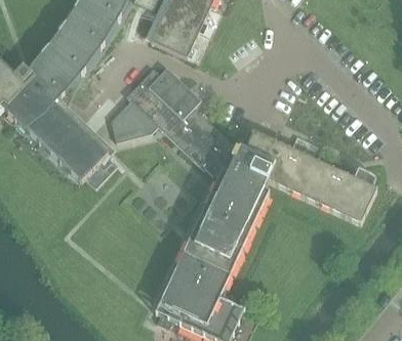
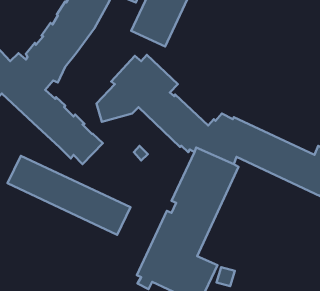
building: none -> [7,156,131,235]

